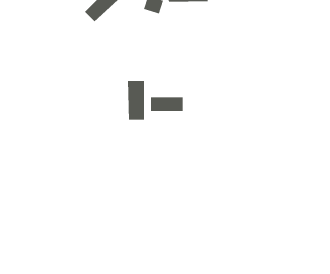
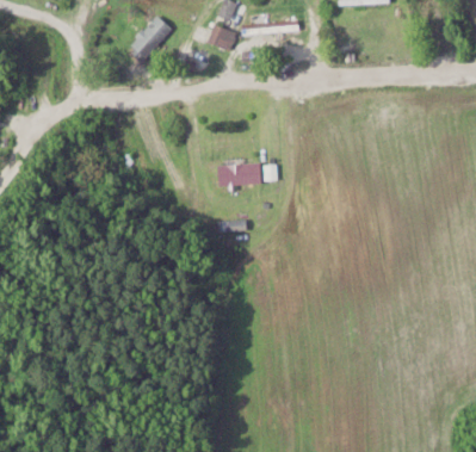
building: [127,80,144,120] -> none

